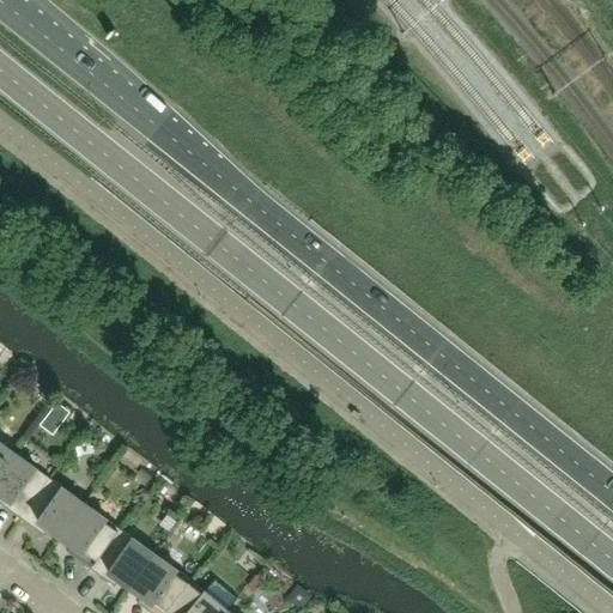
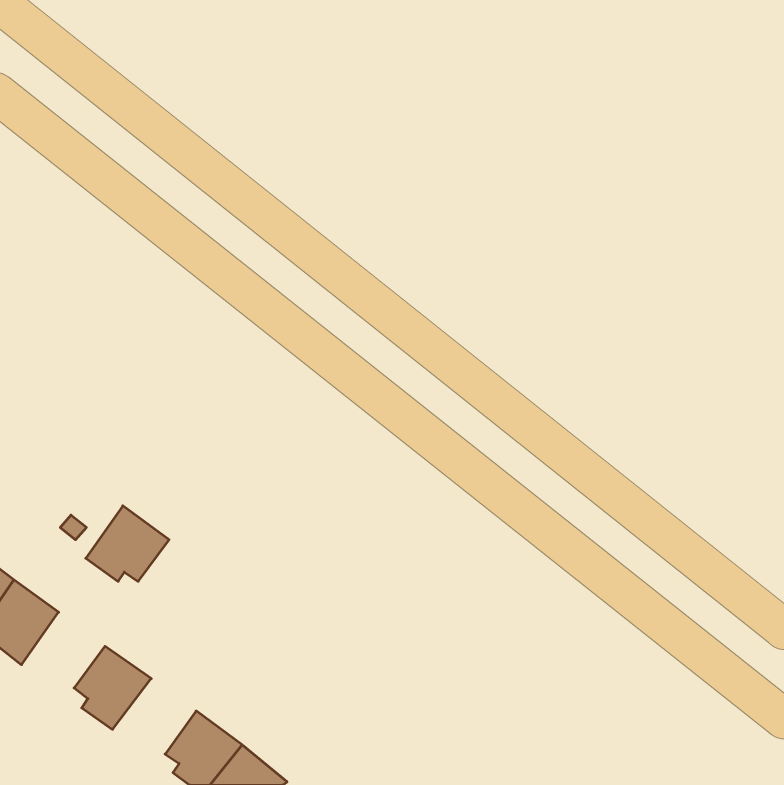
building: [17,475,81,534] -> [86,506,169,581]
building: [87,527,152,585] -> none

